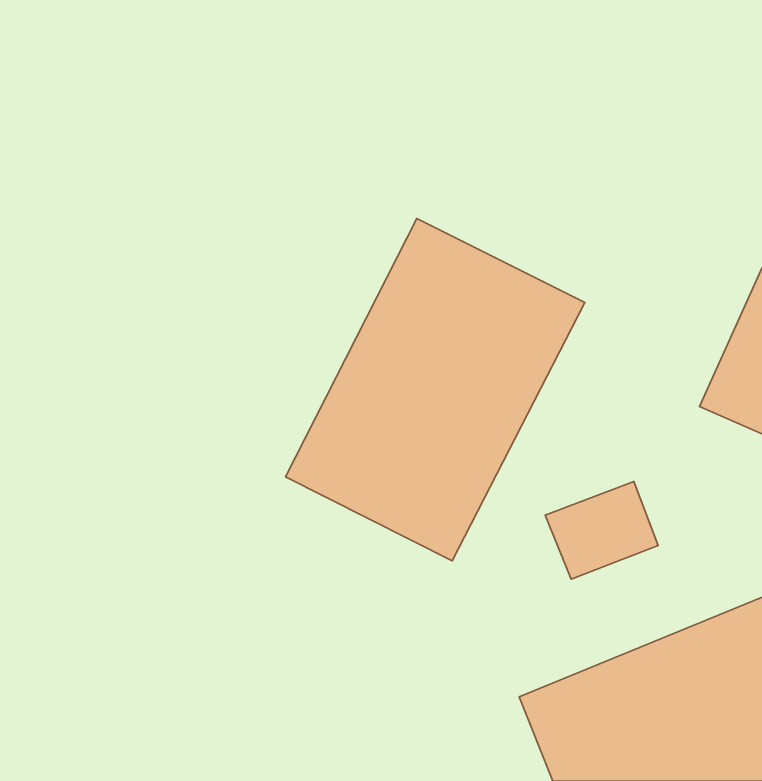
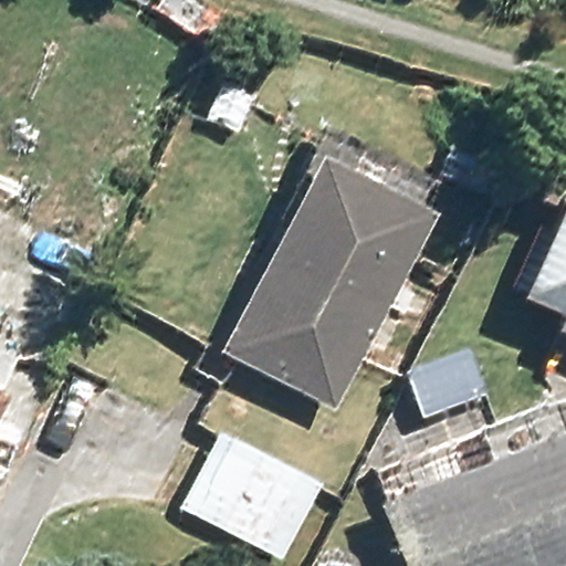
building: none -> [186,434,327,557]

